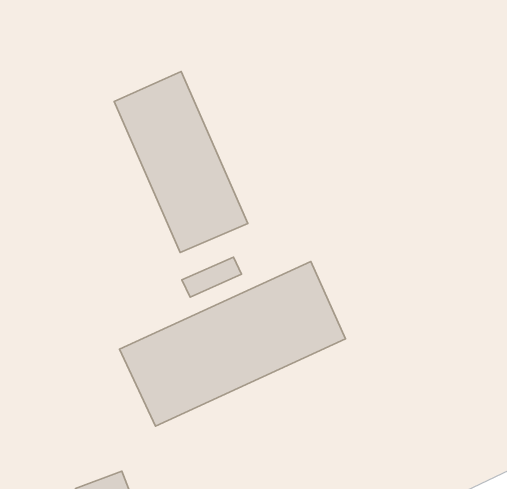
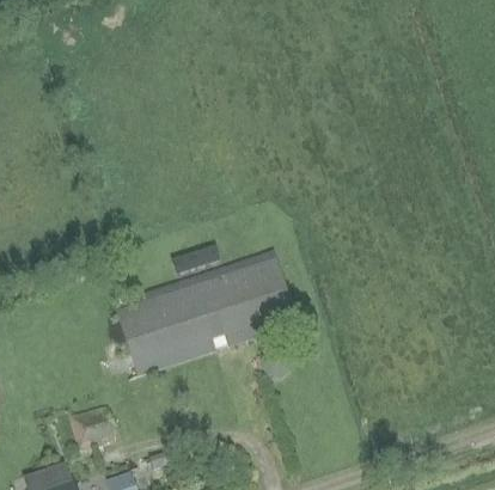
building: [114,72,248,253] -> none

